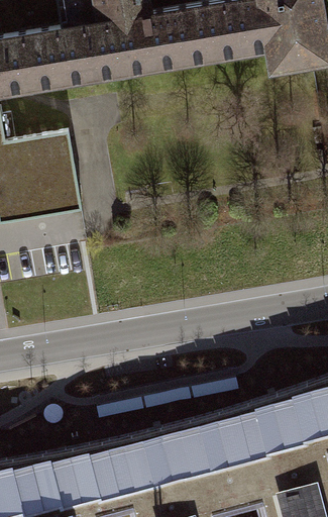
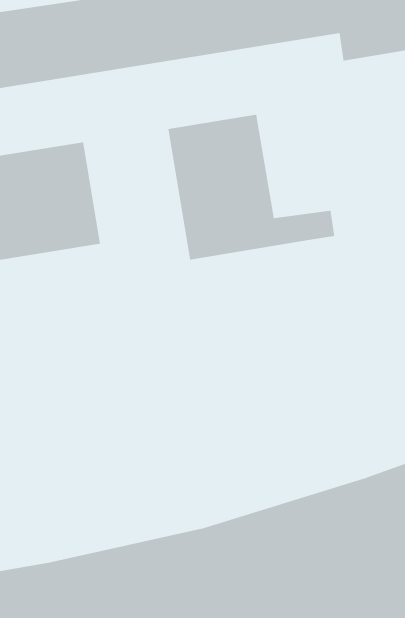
building: none -> [167,114,335,260]

